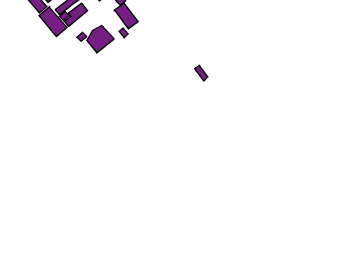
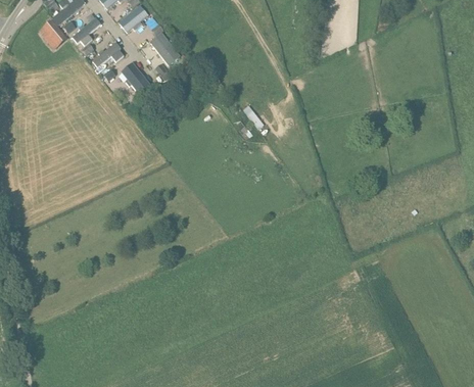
building: [39,6,67,37] -> none

